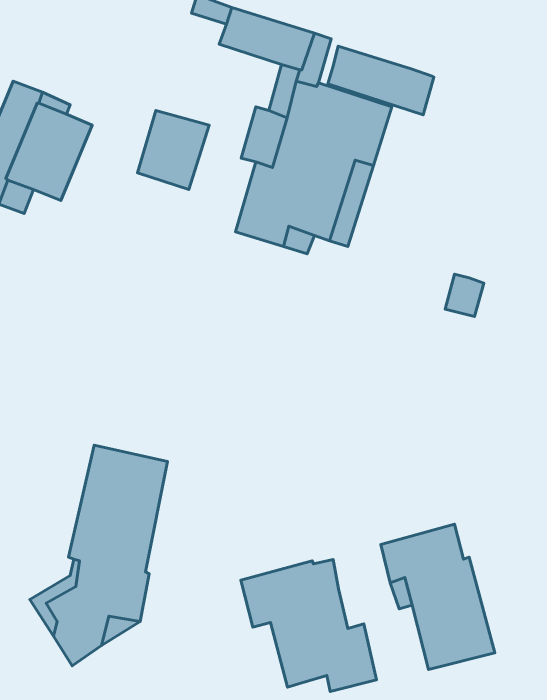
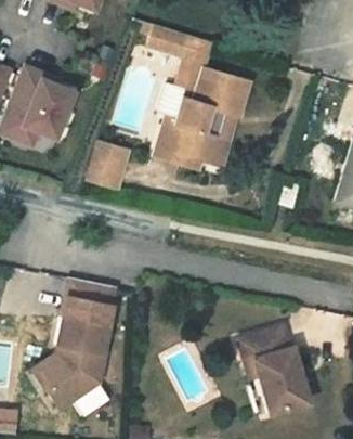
building: [328,46,434,115] -> none
building: [137,110,209,189] -> [86,142,128,189]
building: [241,559,376,692] -> none

